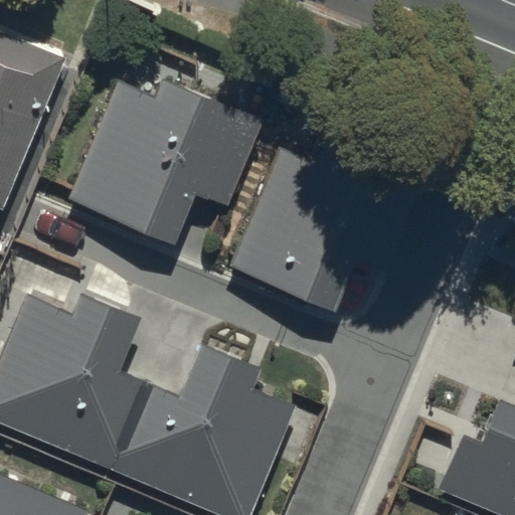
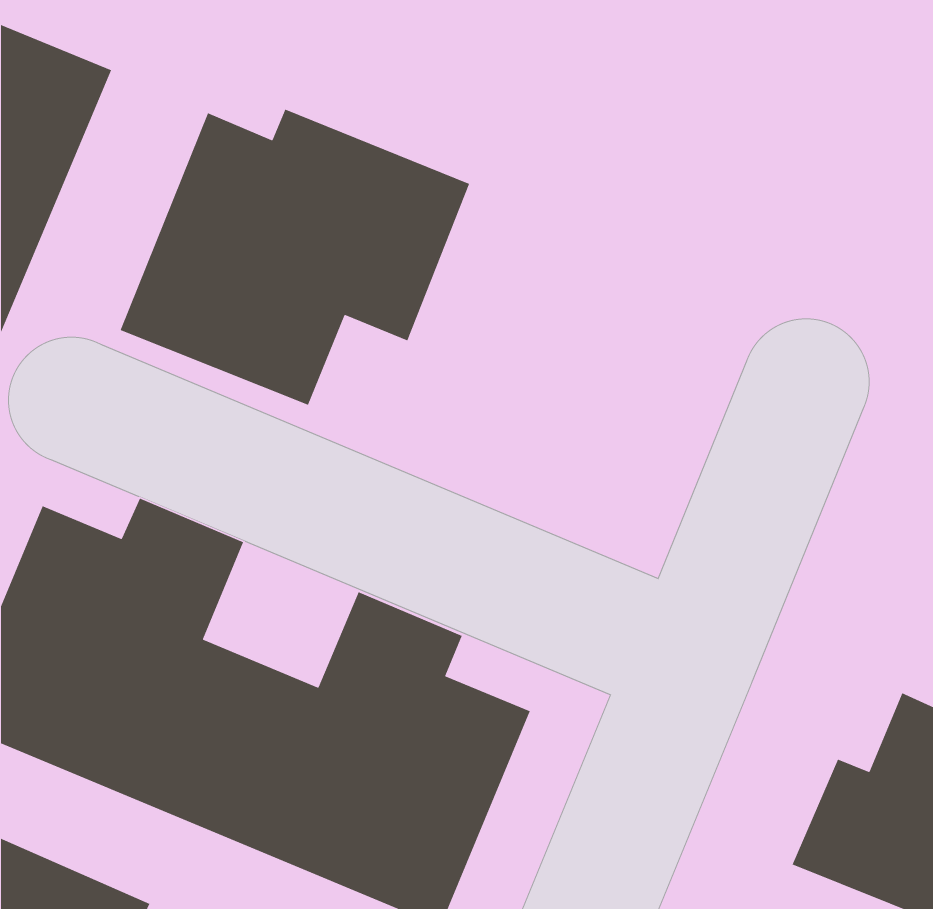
building: [229,143,422,307] -> none

